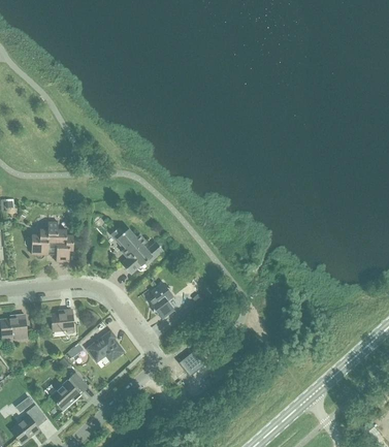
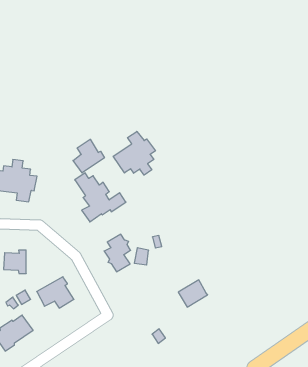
building: none -> [113,131,155,175]
building: none -> [73,139,104,173]
building: [177,348,206,376] -> [178,280,208,307]

